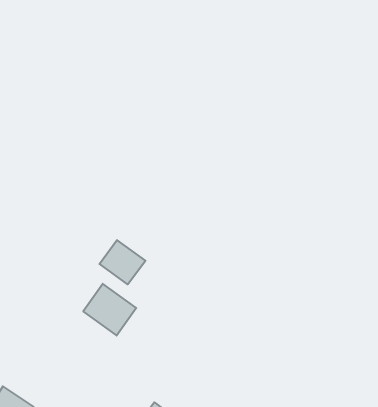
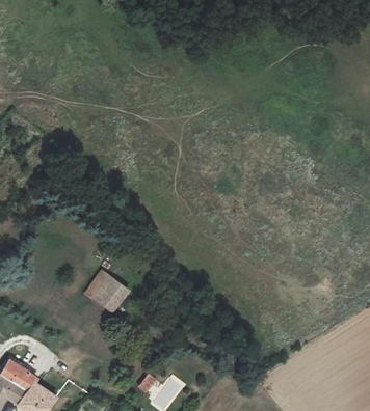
building: [99,240,145,284] -> none

